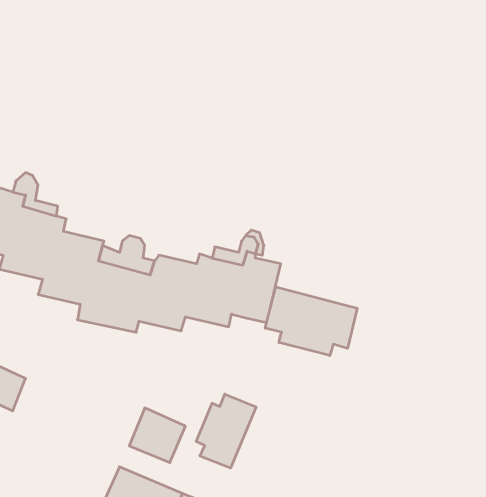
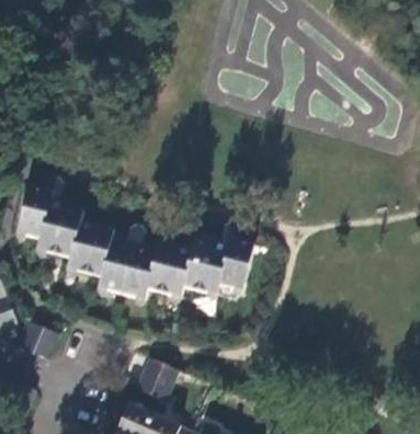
building: [265,287,357,356] -> none
building: [196,394,256,468] -> none

